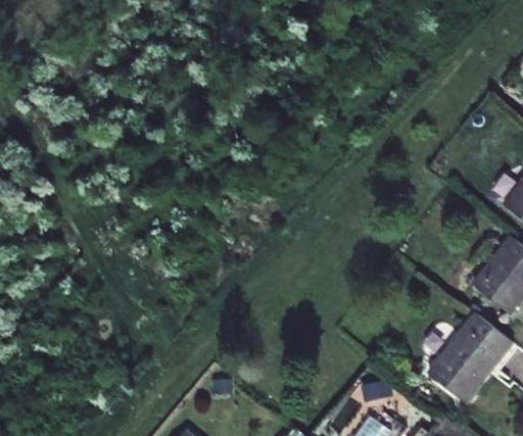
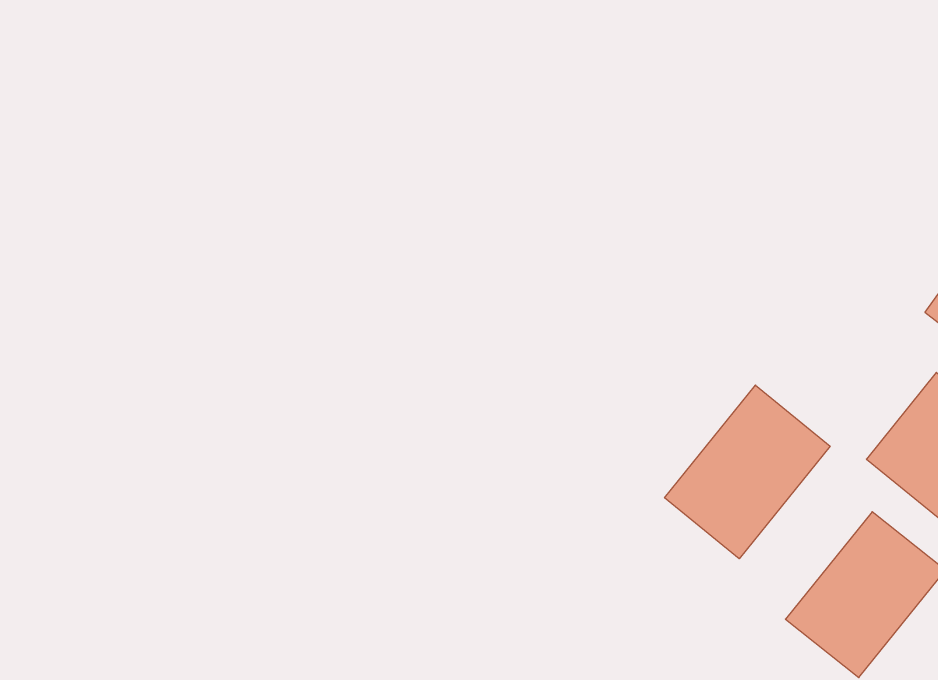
building: none -> [665,385,830,559]

